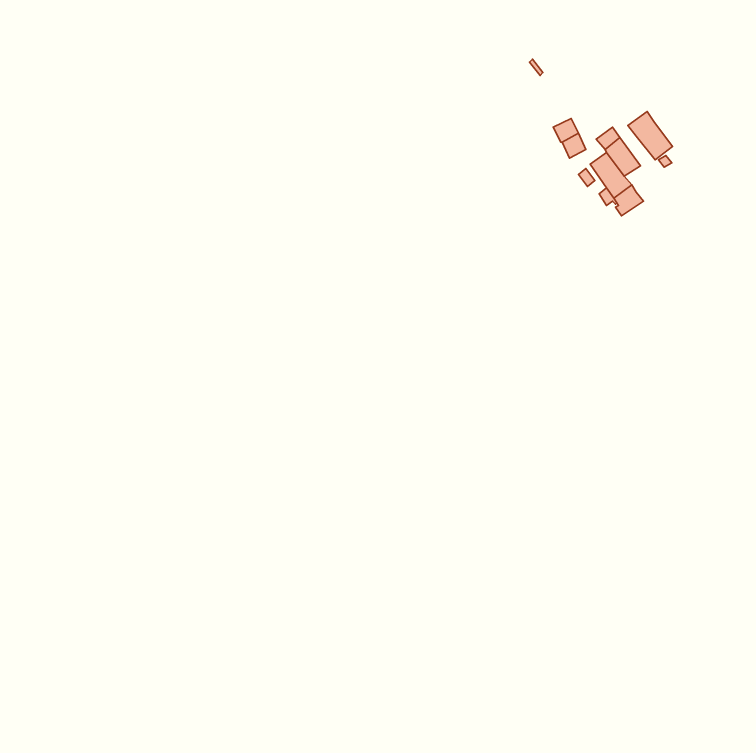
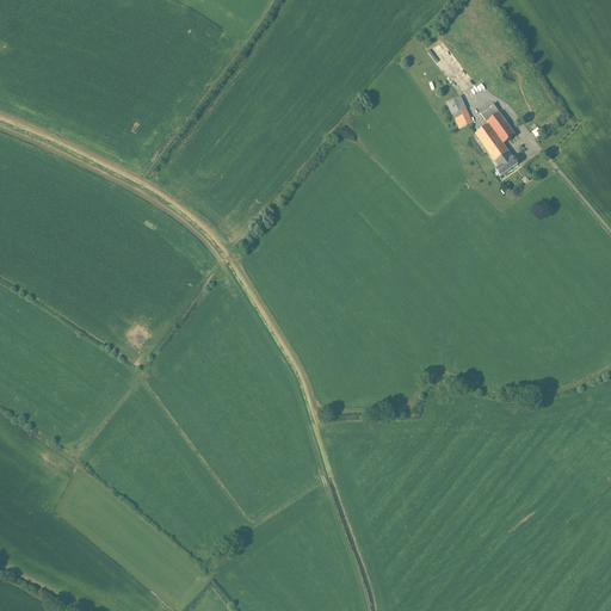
building: [628,111,672,160] -> none

